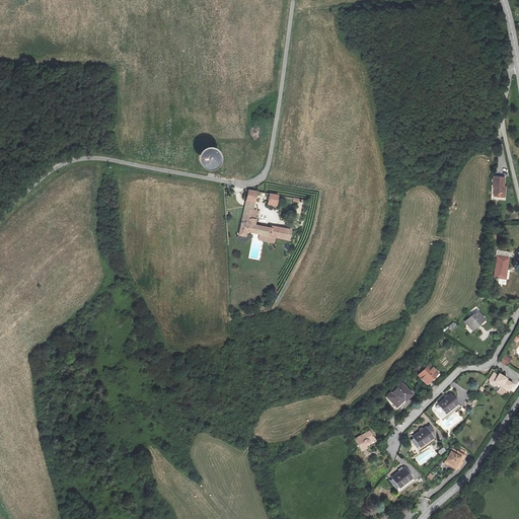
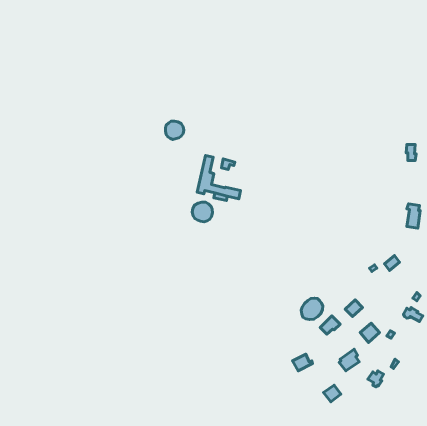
building: none -> [192,202,212,222]
building: none -> [301,298,323,319]

